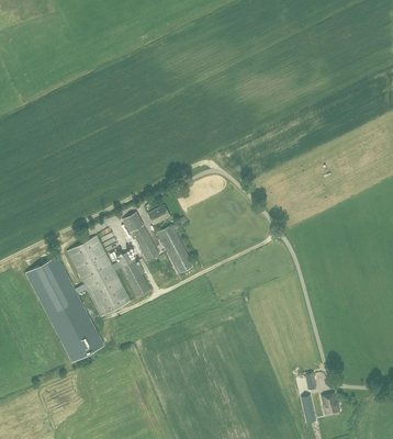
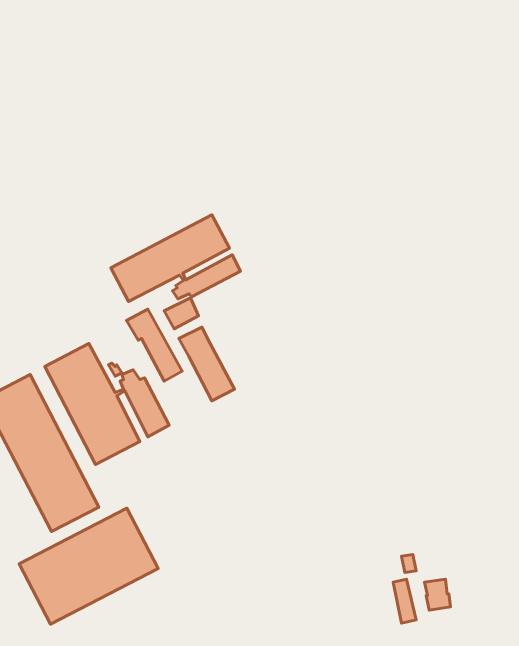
building: none -> [111,215,240,301]
building: none -> [19,508,158,624]

